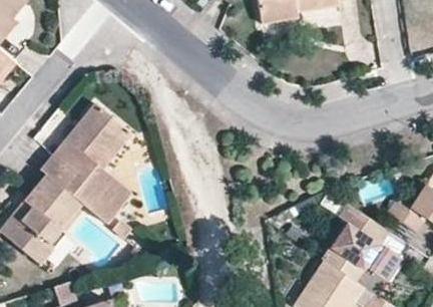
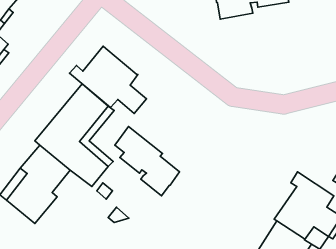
building: none -> [69,46,147,113]
building: none -> [115,127,180,196]

